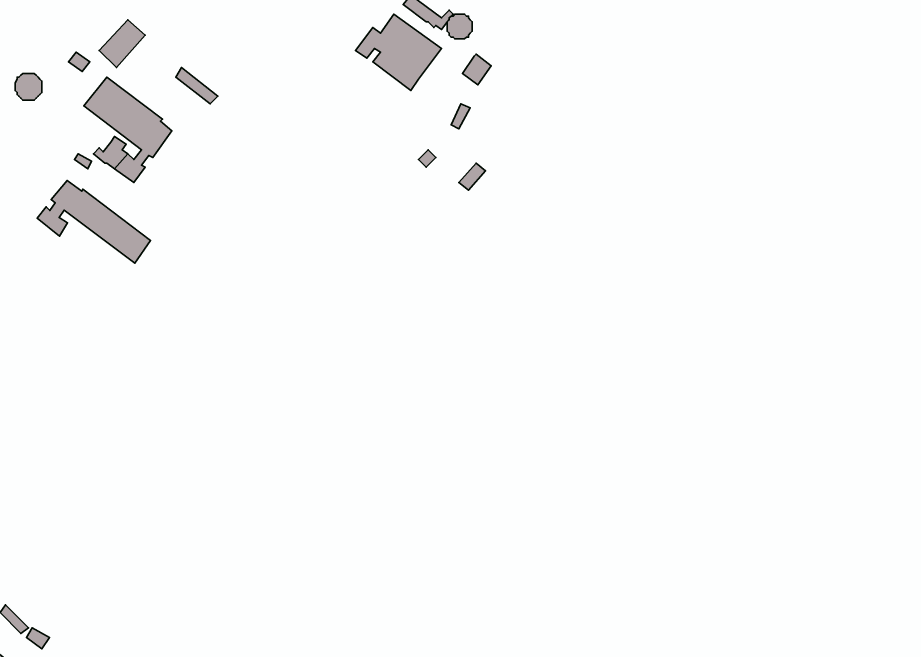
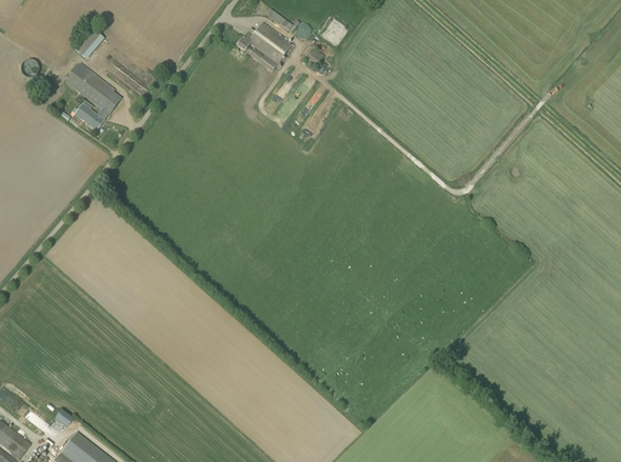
building: [37,180,150,263] -> none

